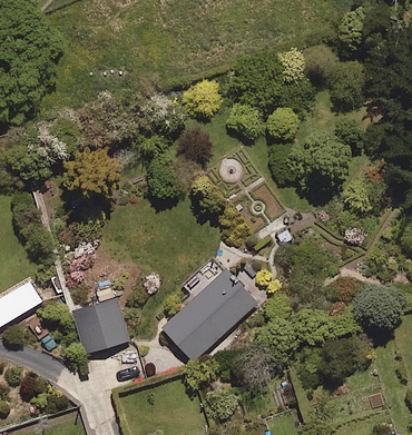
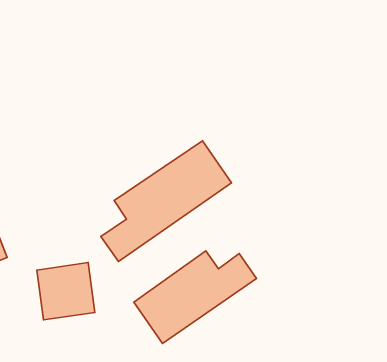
building: none -> [101,141,232,261]

